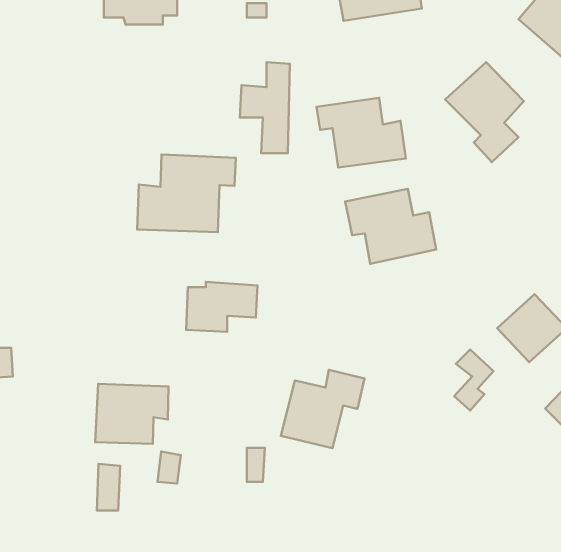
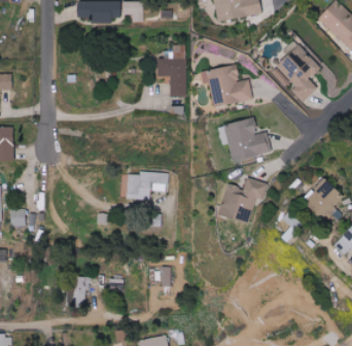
building: [137,155,236,232] -> none
building: [281,370,365,448] -> [218,177,267,222]
building: [95,384,169,444] -> none

